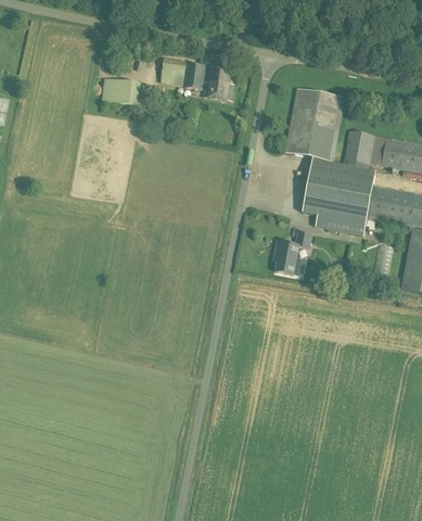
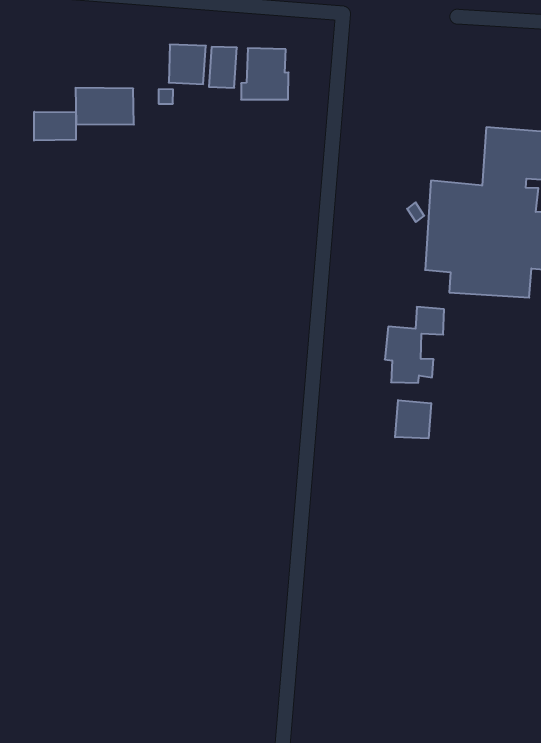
building: [284,89,343,161] -> none
building: none -> [34,112,76,141]
building: none -> [395,400,431,438]

